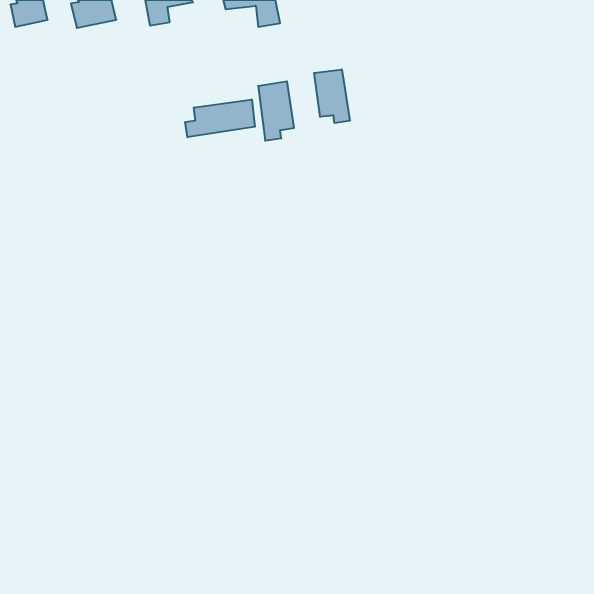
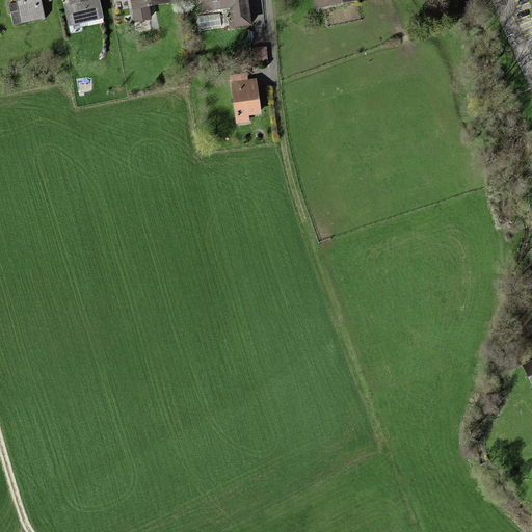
building: [314,69,350,123] -> none
building: [185,99,255,137] -> none

